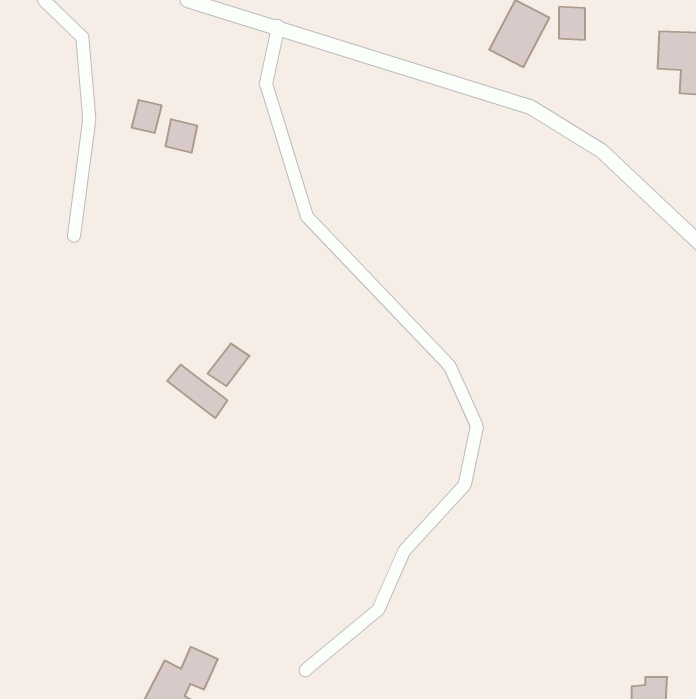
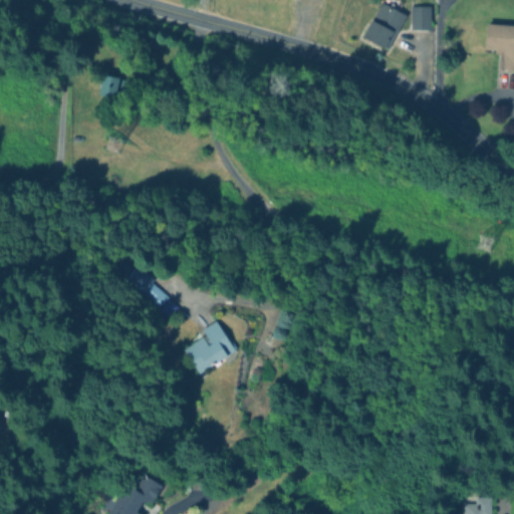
building: [166,119,197,153] -> none
building: [208,343,250,386] -> none
building: none -> [184,320,236,373]

